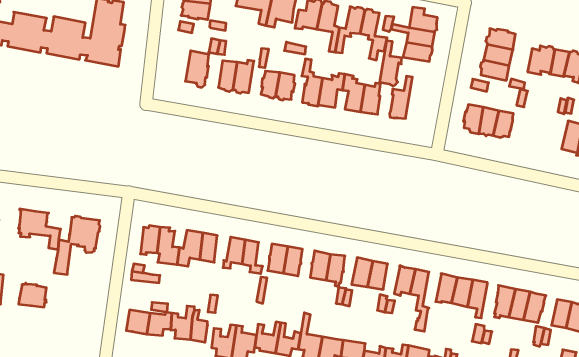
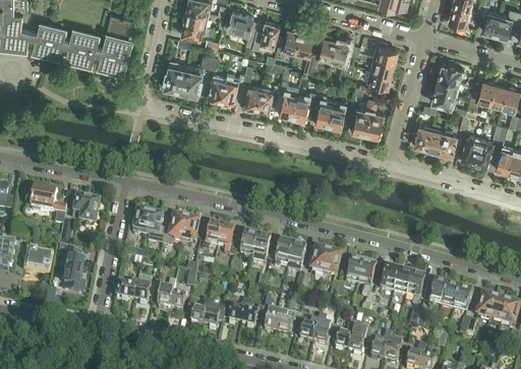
building: [380,41,402,86] -> [364,98,385,136]
building: none -> [164,60,186,88]
building: none -> [461,134,491,165]
building: none -> [58,249,84,293]

